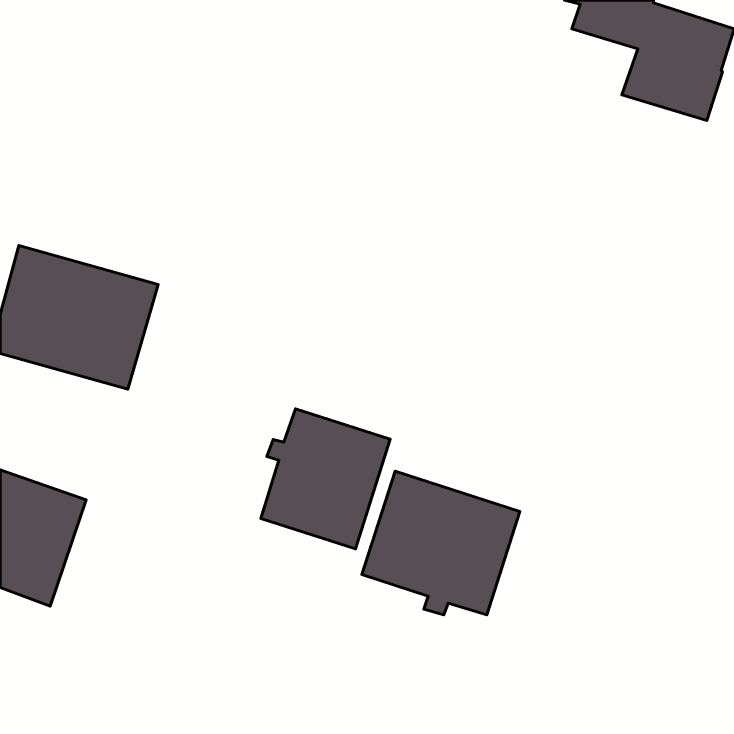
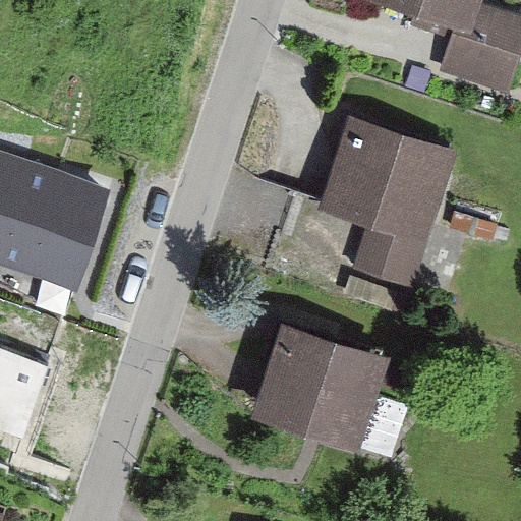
building: none -> [324,128,436,278]
building: [261,409,390,549] -> none

